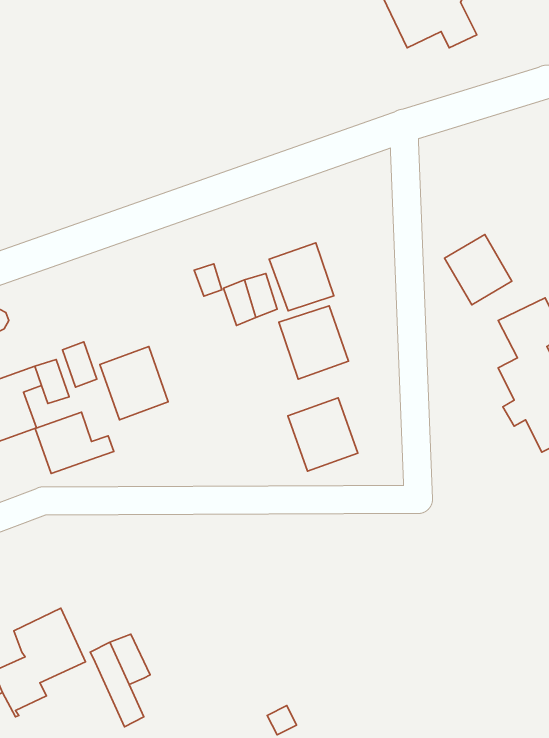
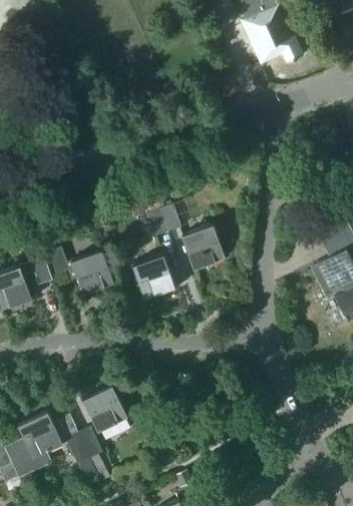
building: [445,234,512,305] -> none
building: [269,243,334,311] -> none
building: [288,398,358,471] -> [132,255,175,300]
building: [35,412,114,473] -> none
building: none -> [82,385,127,432]

